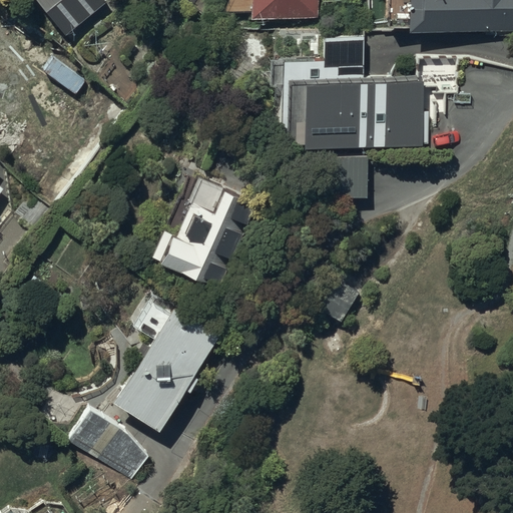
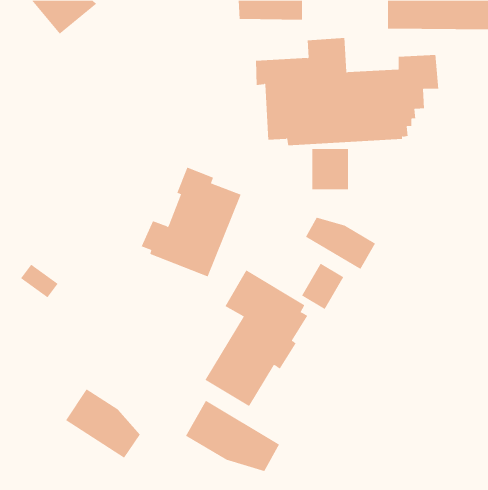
building: none -> [305,217,376,270]
building: [111,290,219,433] -> [205,270,308,407]
building: none -> [185,400,280,472]

